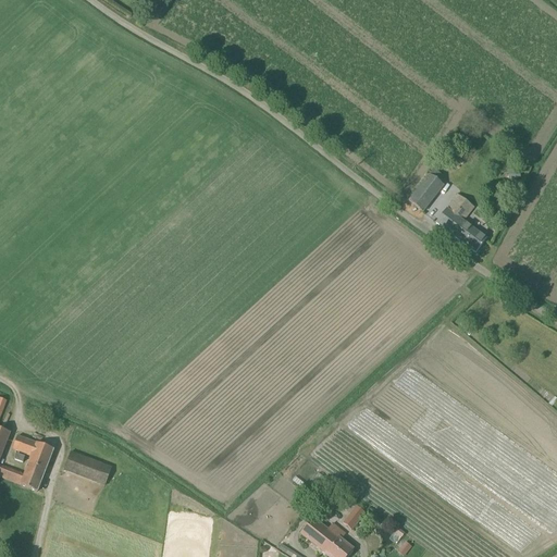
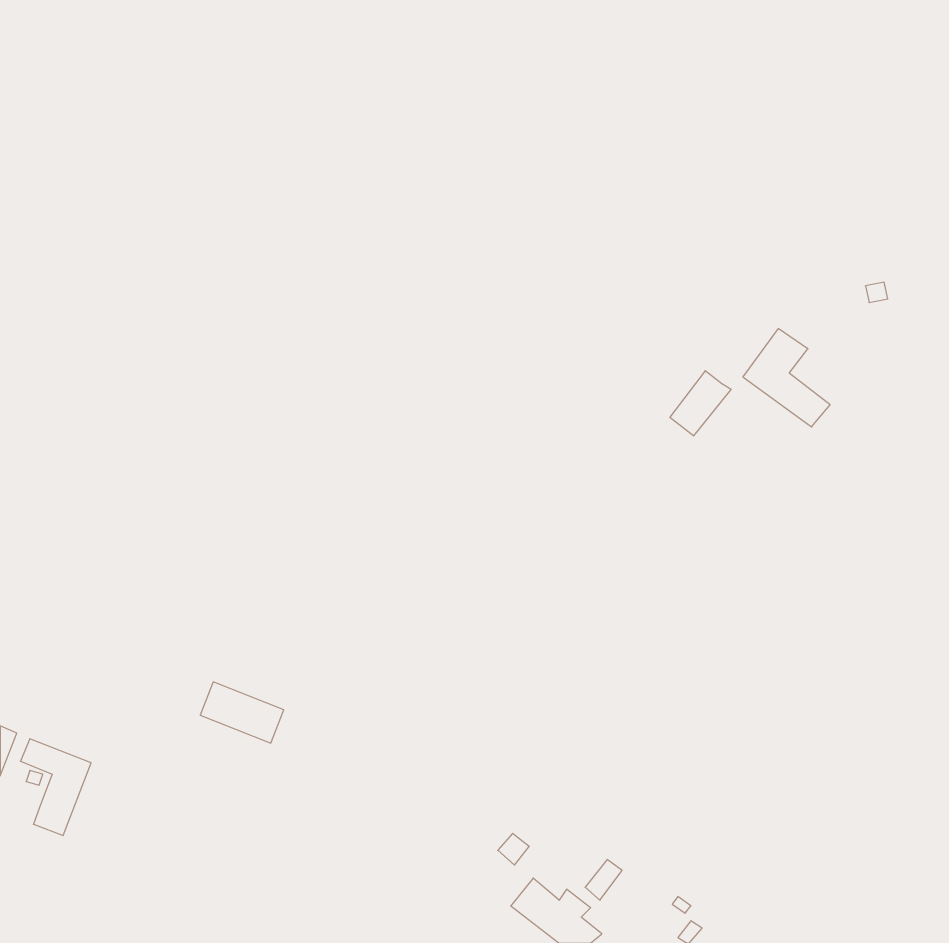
building: [408,172,444,210] -> [670,371,731,436]
building: [63,448,112,484] -> [200,682,284,743]

